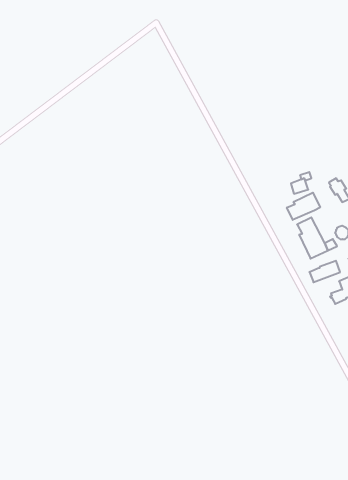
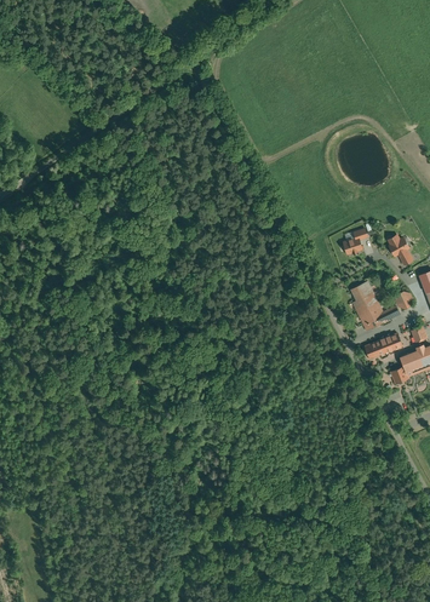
building: [287,193,320,220] -> none

